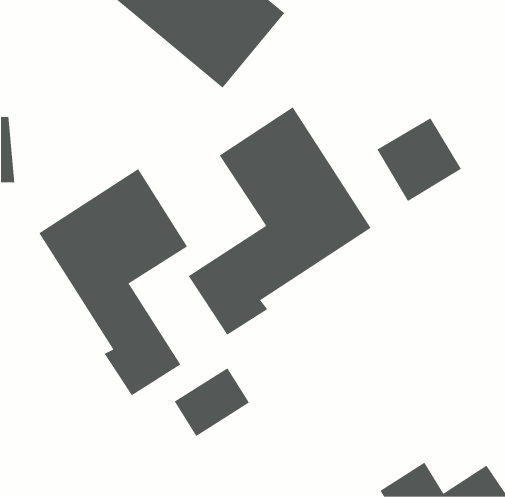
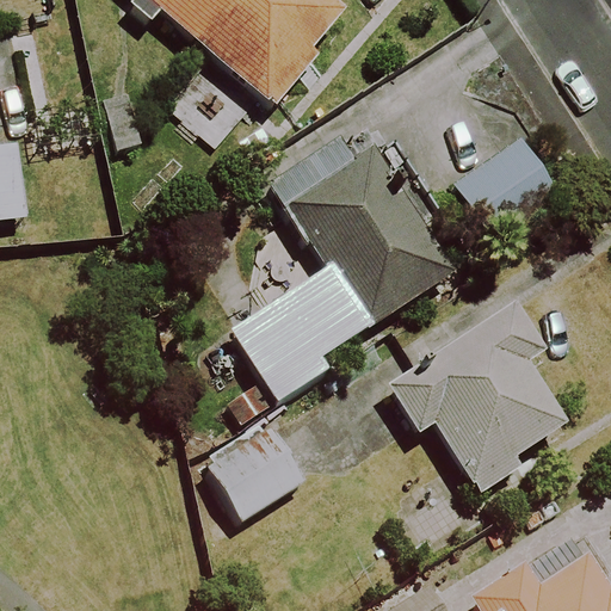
building: [39,168,188,396] -> none
building: none -> [388,303,564,490]

